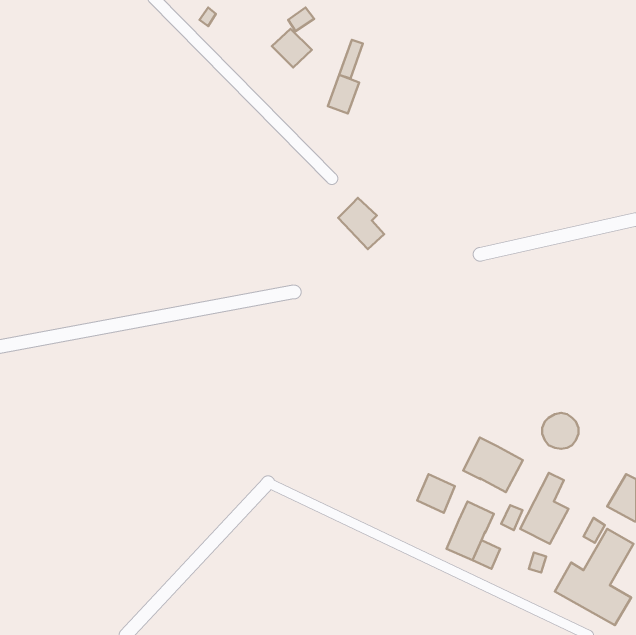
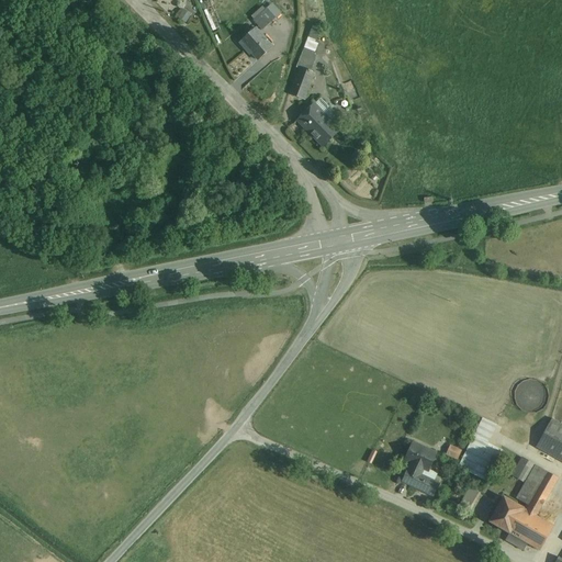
building: [338,198,384,249] -> [296,102,337,147]
building: [542,413,578,449] -> [514,379,546,411]
building: [463,437,523,492] -> none
building: [417,474,455,513] -> none

